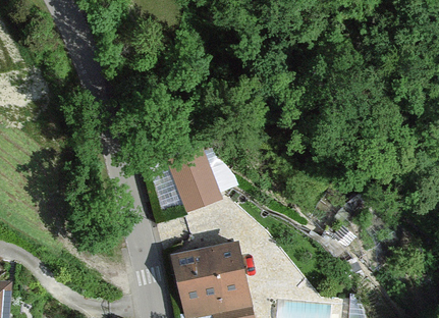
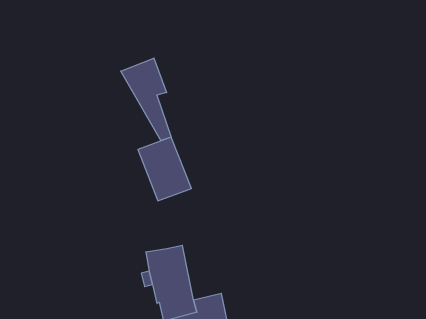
building: none -> [121,58,171,140]
building: [209,242,244,298] -> none

